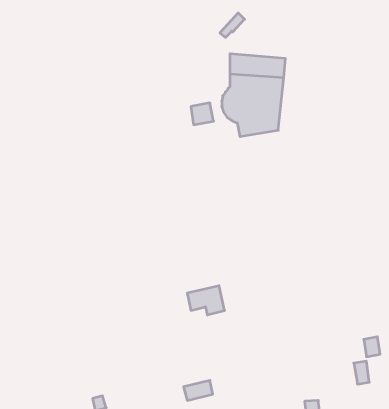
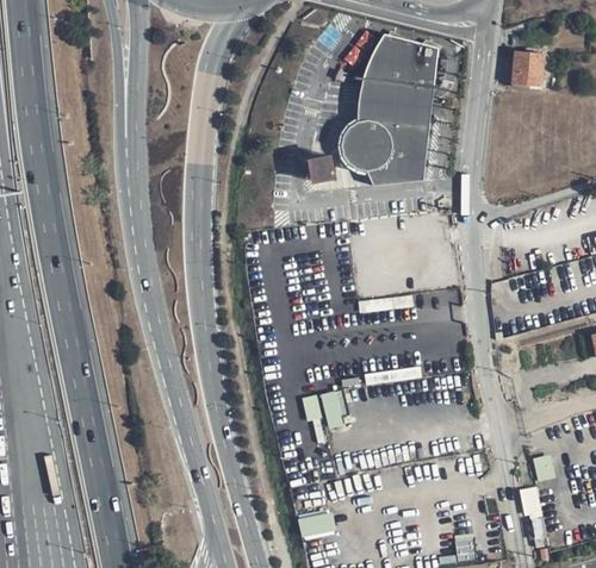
building: none -> [353,40,434,89]
building: none -> [510,48,542,86]

